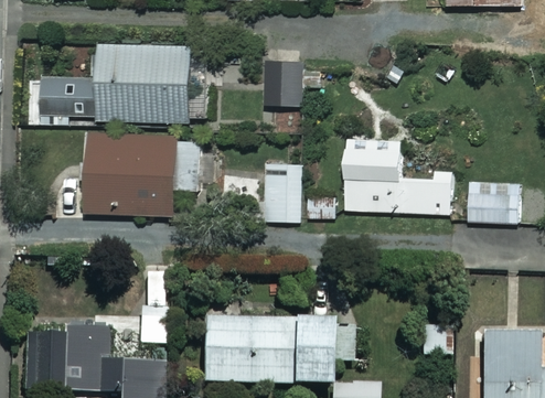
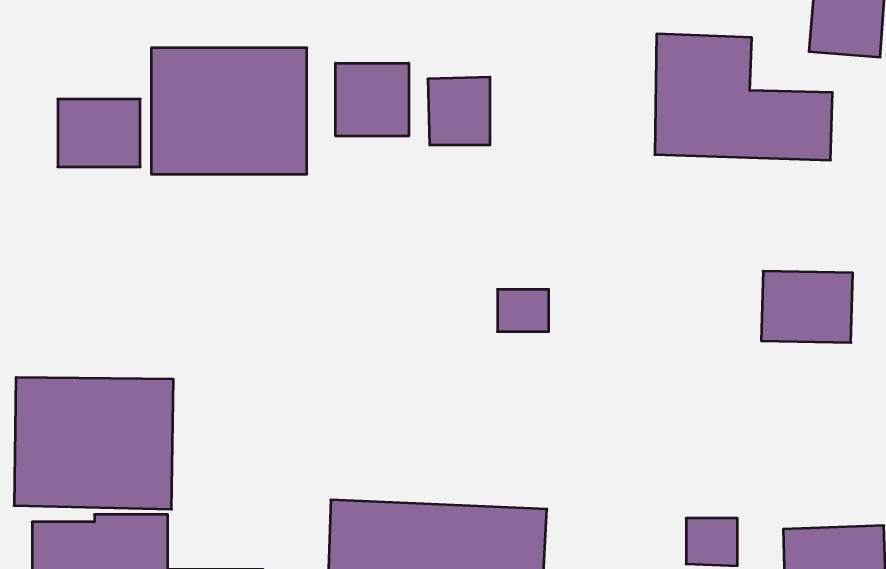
building: none -> [336,63,409,136]
building: [84,135,180,214] -> [14,377,173,509]
building: [346,136,453,212] -> [655,34,832,160]
building: [266,161,303,220] -> none

